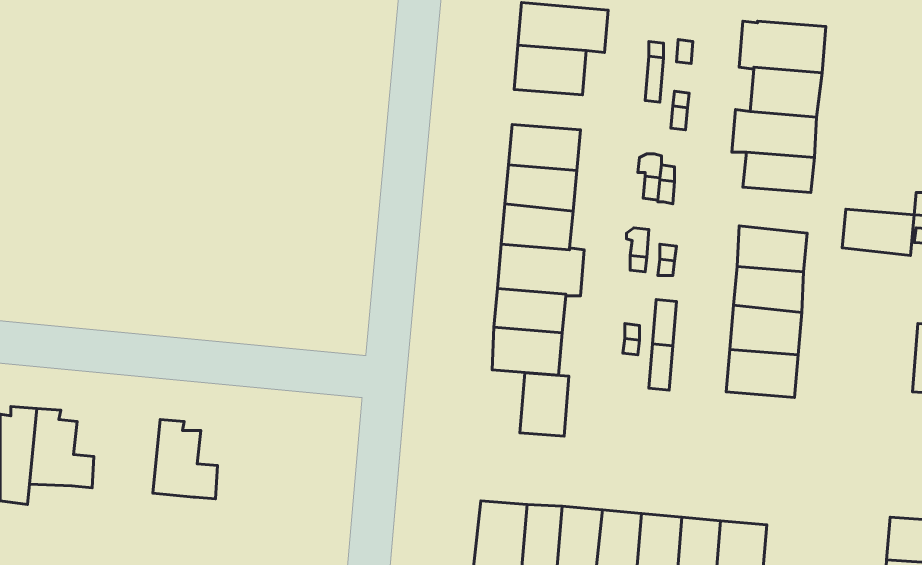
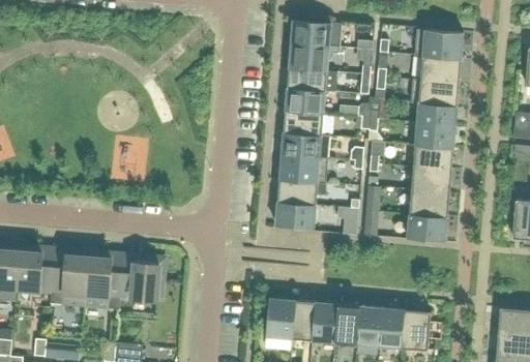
building: none -> [288,68,327,91]
building: [842,209,914,255] -> [415,123,455,149]
building: [520,373,569,436] -> none
building: none -> [51,252,90,305]
building: none -> [121,258,163,301]

